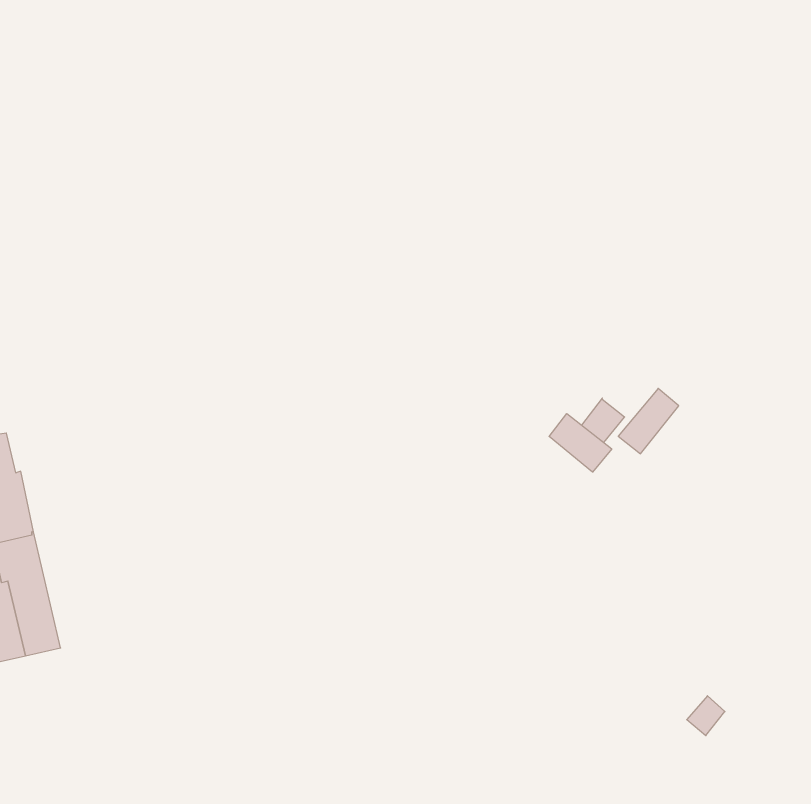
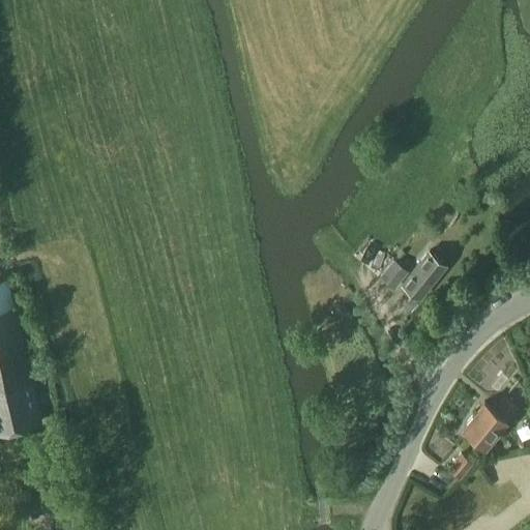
building: [549,414,612,472] -> none
building: none -> [461,402,514,452]

